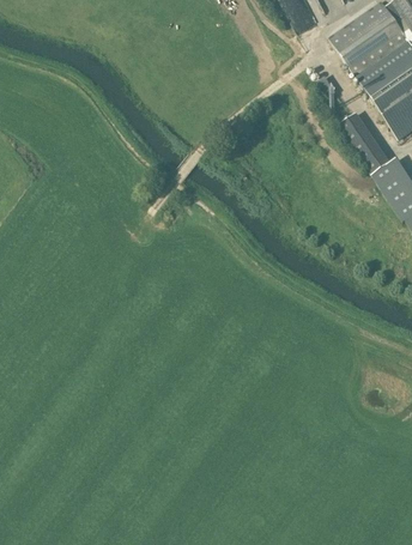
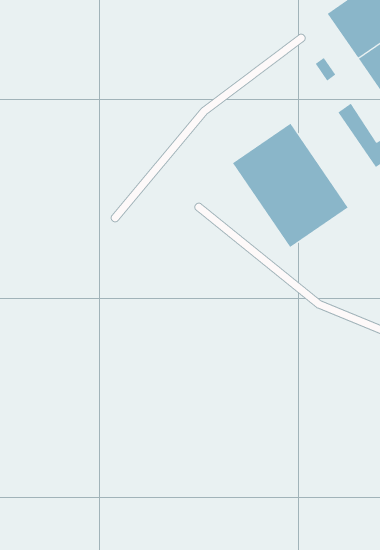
building: none -> [232,123,348,248]

